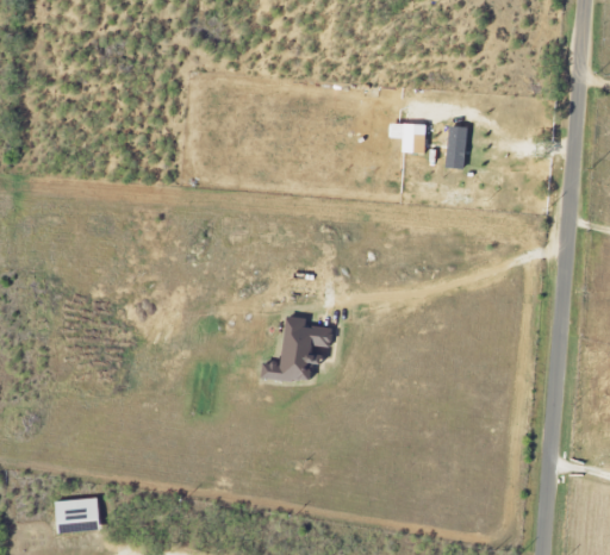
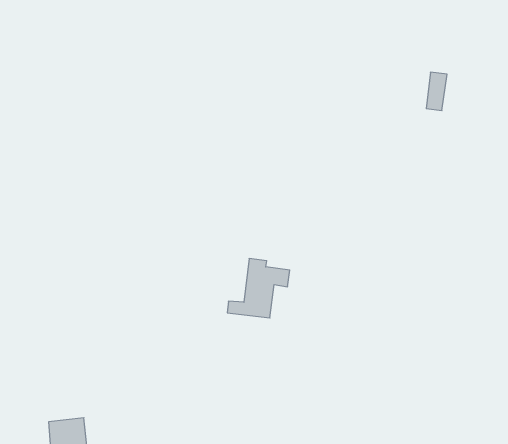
building: [403,124,425,152] -> none
building: [444,125,468,169] -> [426,72,447,111]

